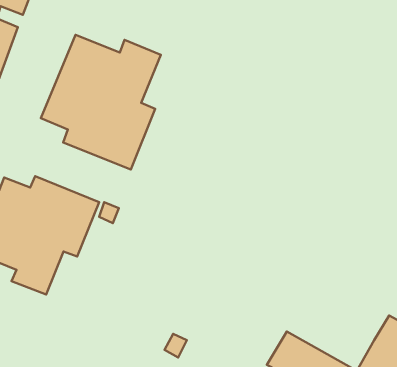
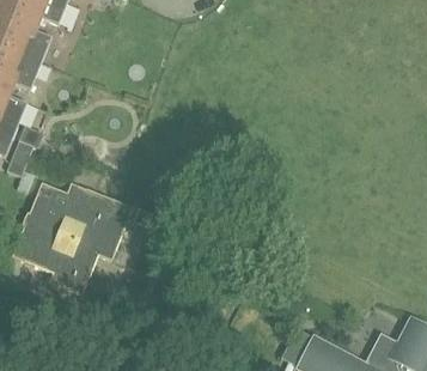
building: [41,35,161,170] -> none

